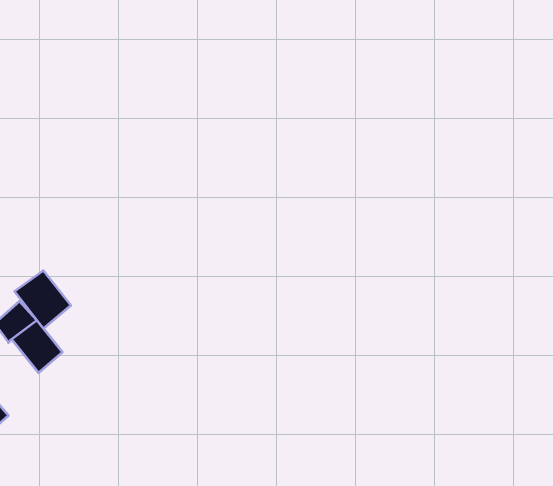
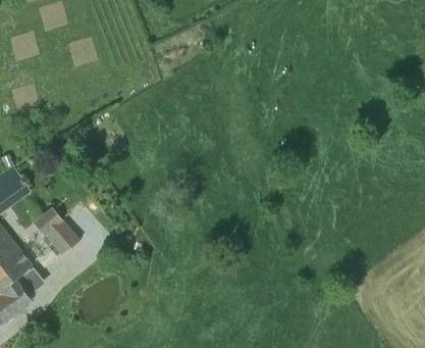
building: [15,271,71,328] -> none

